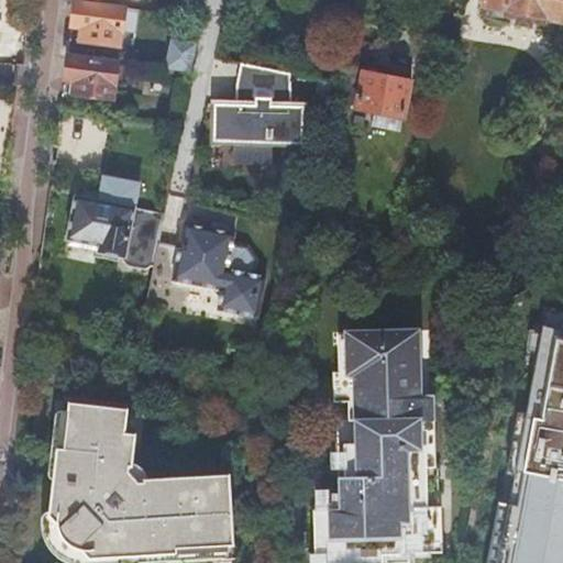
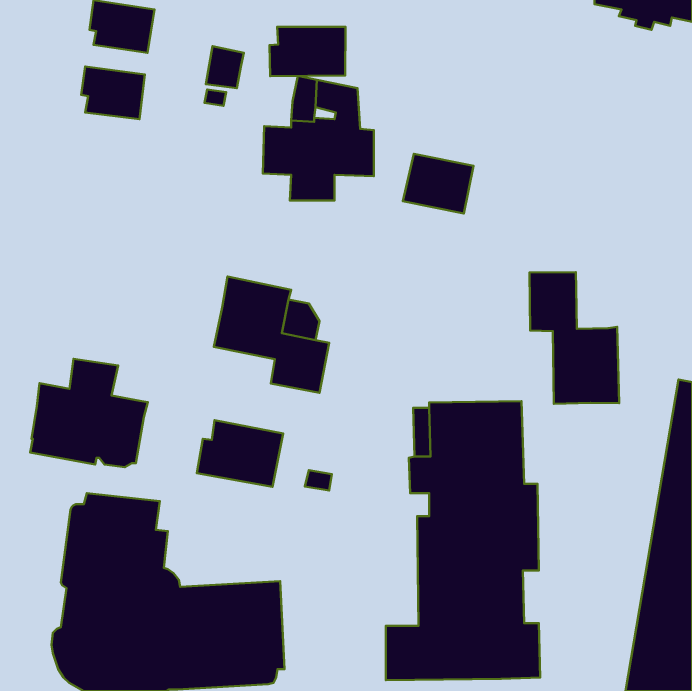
building: none -> [270,27,345,76]
building: [354,68,411,117] -> [403,154,473,213]
building: [68,180,164,268] -> [30,359,148,467]
building: none -> [530,272,619,404]
building: none -> [197,420,283,487]

